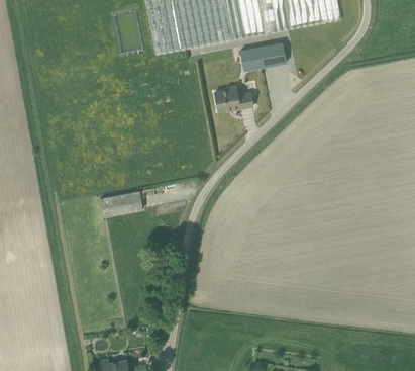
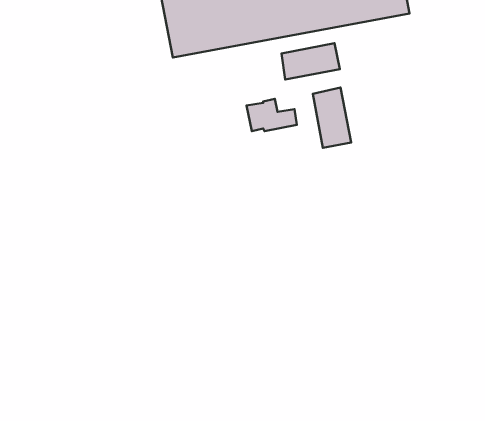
building: none -> [313,87,351,148]
building: [100,191,142,216] -> none

